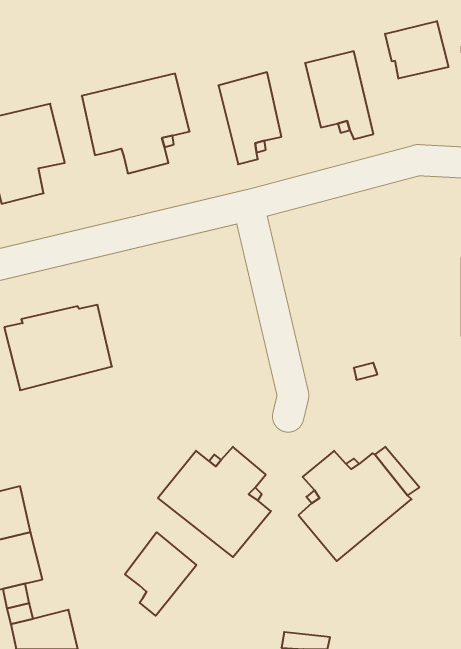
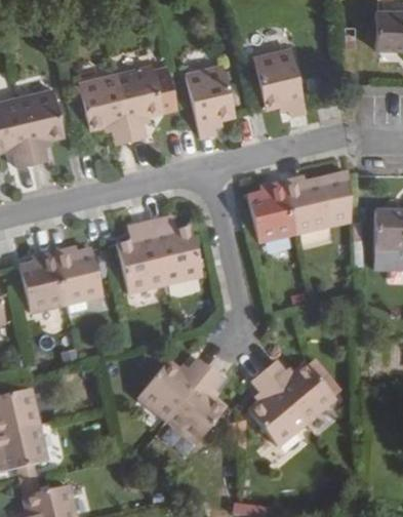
building: [385,21,448,79] -> none
building: none -> [247,172,351,243]
building: none -> [116,216,202,294]
building: [125,532,196,616] -> none

